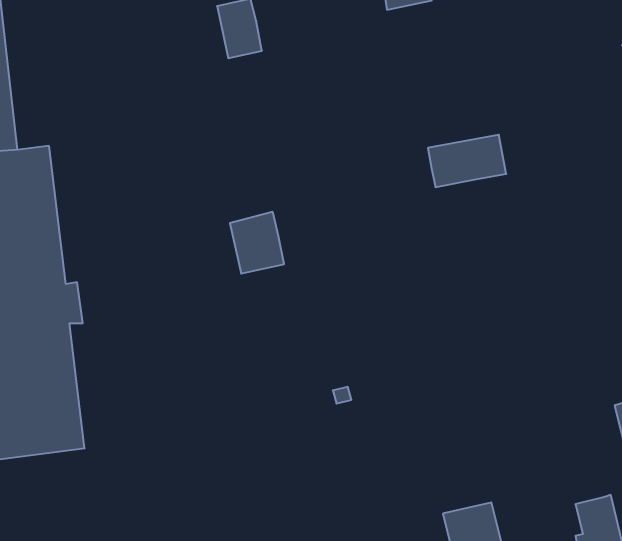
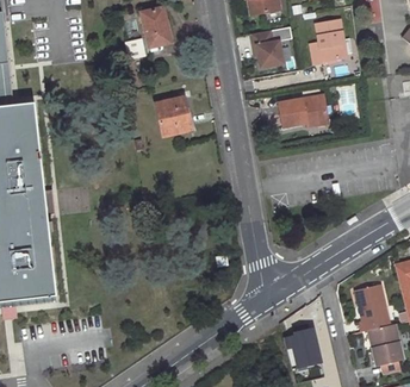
building: none -> [309,20,344,65]
building: none -> [249,30,281,68]
building: [230,212,284,274] -> [156,96,191,136]
building: none -> [354,286,390,333]

